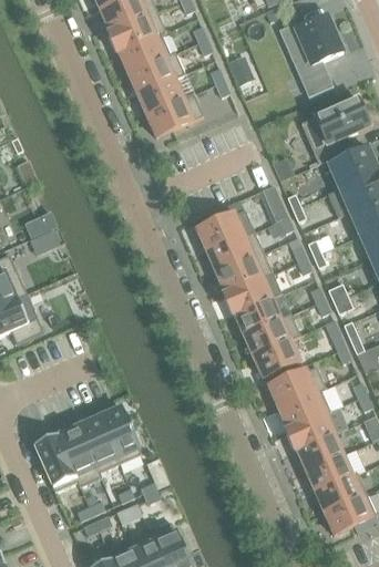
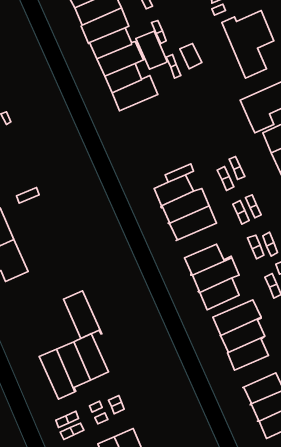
building: none -> [136,31,167,69]
building: [223,271,273,313] -> none
building: [294,432,344,471] -> none
building: [33,433,80,491] -> [63,291,102,338]

